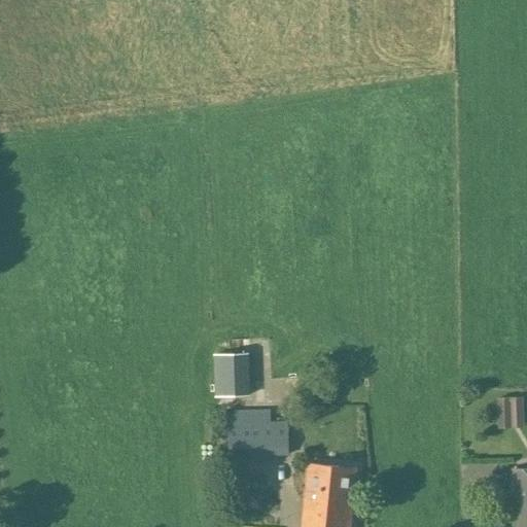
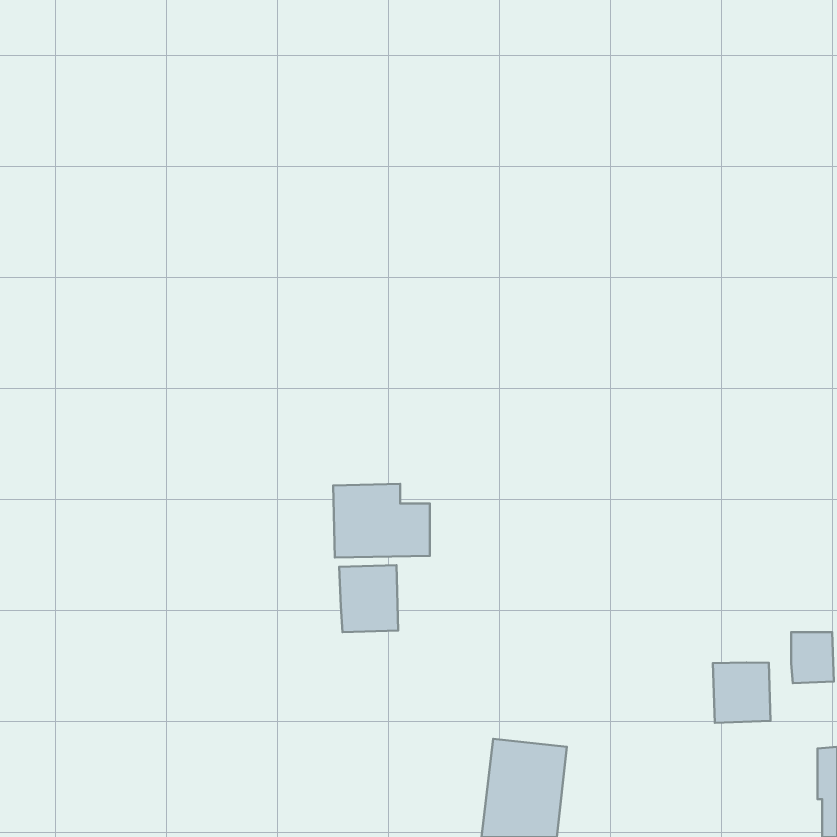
building: [229,410,289,456] -> [333,484,430,558]
building: none -> [713,663,771,723]

